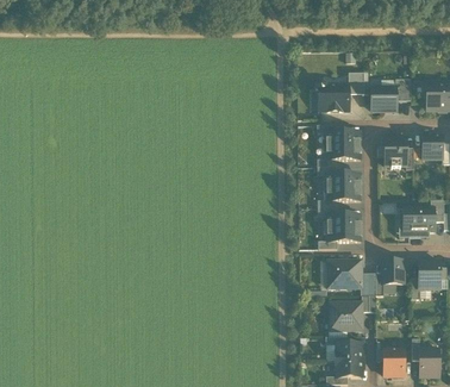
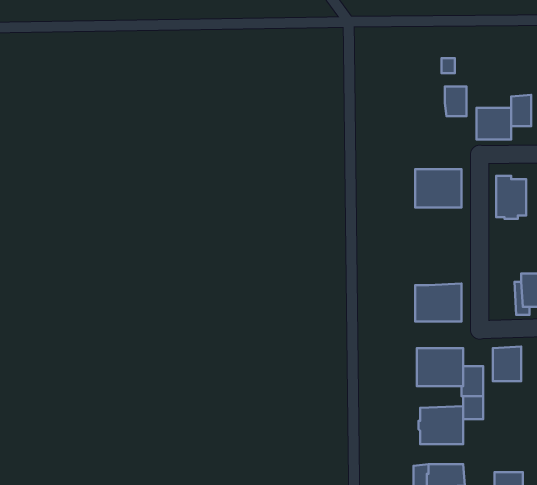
building: [315,82,349,111] -> none
building: [326,174,360,201] -> none

